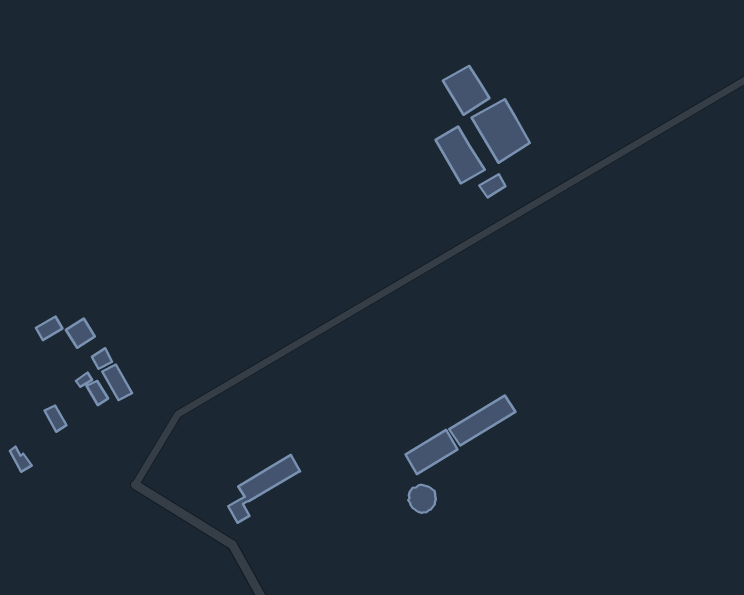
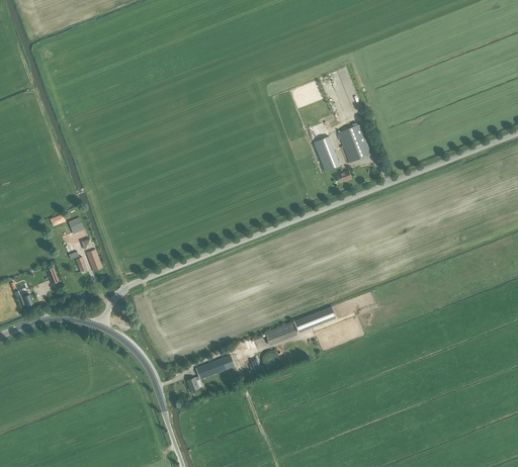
building: [443,66,489,115] -> none
building: [228,455,300,523] -> [186,355,234,391]

